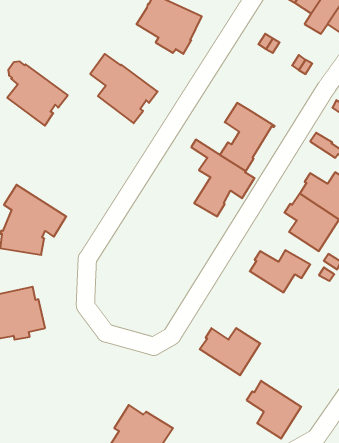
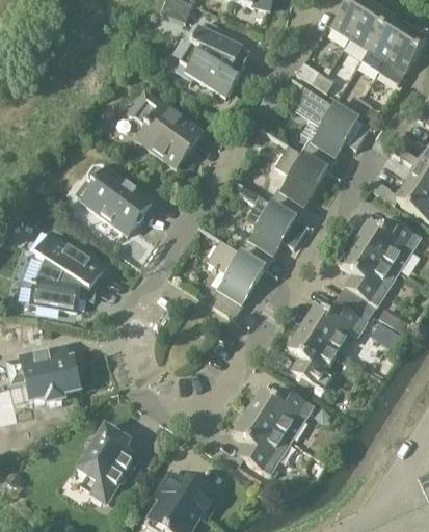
building: none -> [293,85,372,170]
building: [7,61,68,126] -> [86,164,152,234]
building: none -> [206,240,266,319]
building: none -> [286,327,338,390]
building: none -> [77,425,139,500]
building: [247,381,301,439] -> [232,411,291,474]

